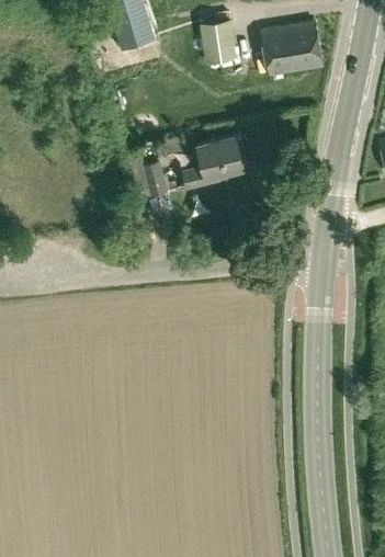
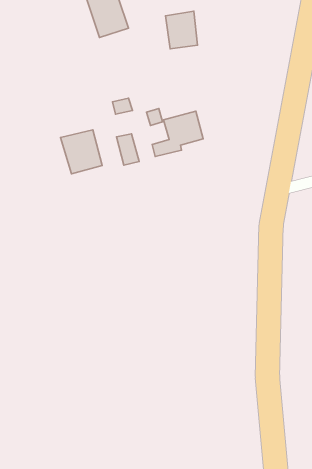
building: [261,23,321,76] -> none
building: none -> [61,130,102,174]

